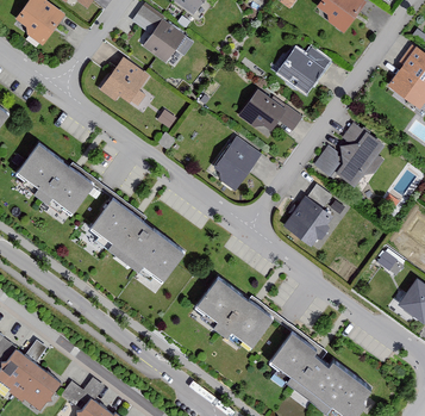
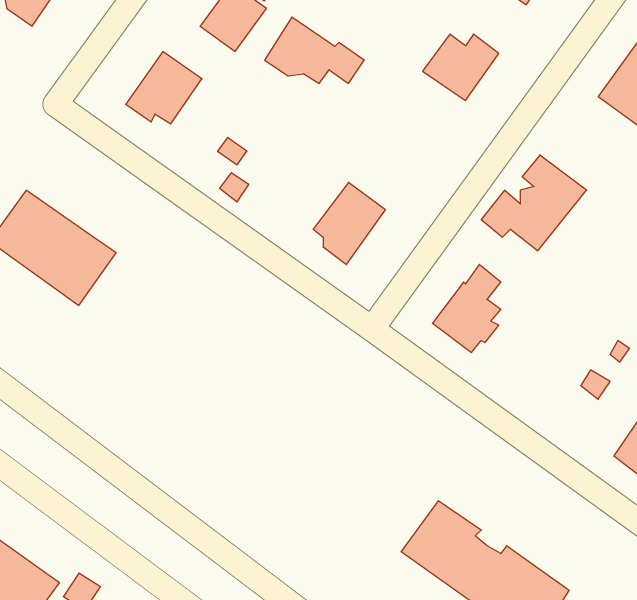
building: [240,88,301,129] -> [265,17,364,83]
building: [90,198,185,280] -> none
building: [196,278,273,347] -> none

